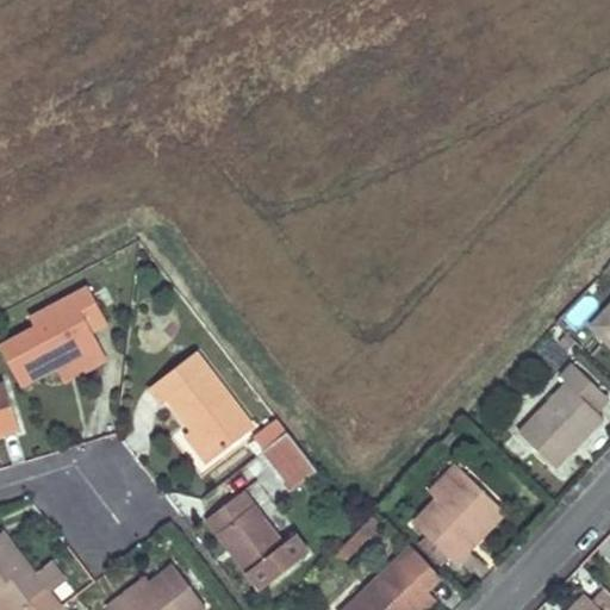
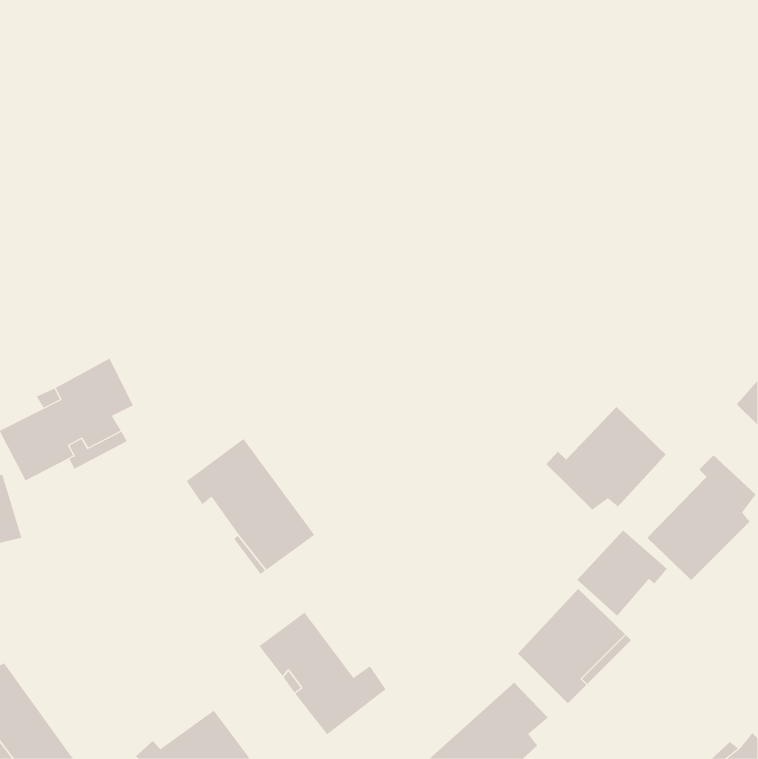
building: none -> [545,406,667,511]
building: none -> [577,530,668,616]
building: [262,432,315,490] -> none

